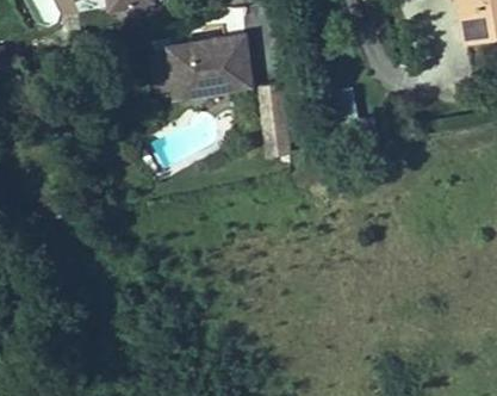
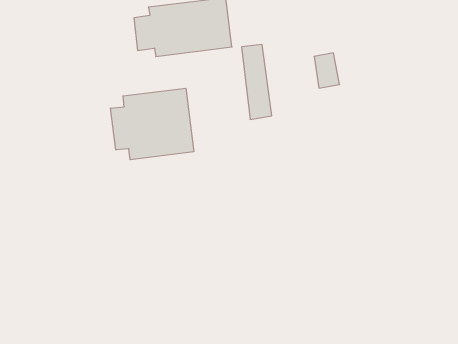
building: none -> [110,88,194,160]

